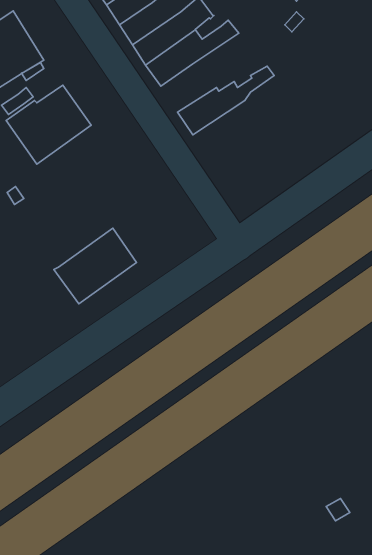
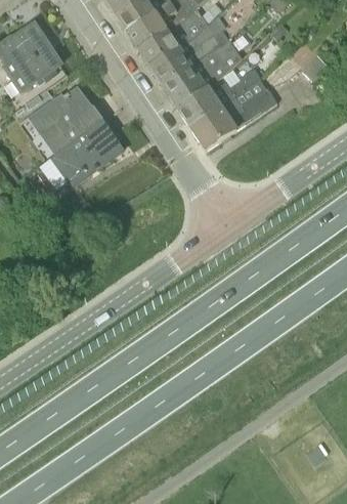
building: none -> [162,40,241,109]
building: none -> [189,77,276,151]
building: [54,228,137,304] -> [50,120,122,185]

